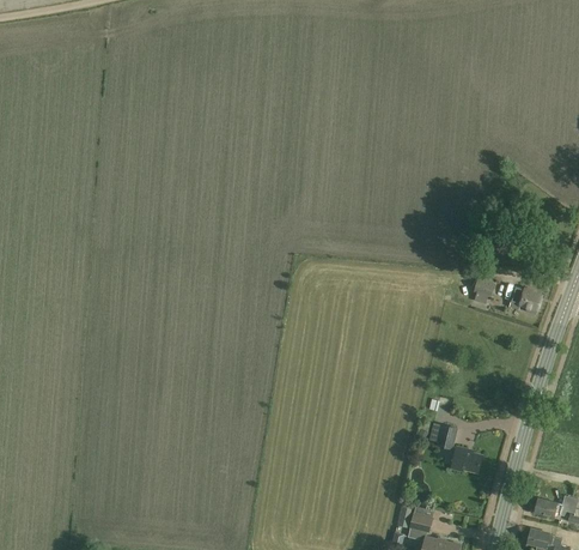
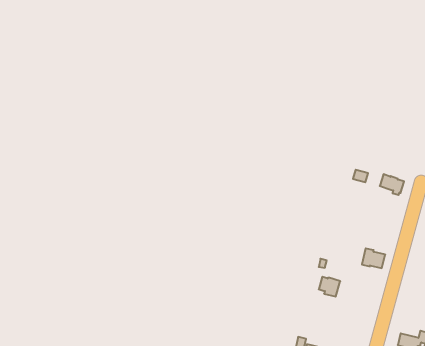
building: [452,446,483,472] -> [362,248,385,268]

